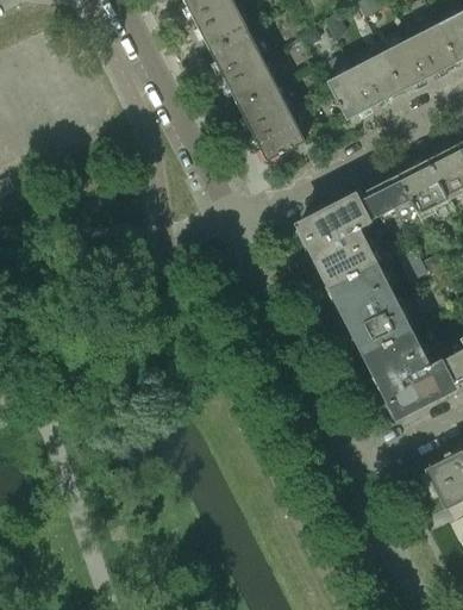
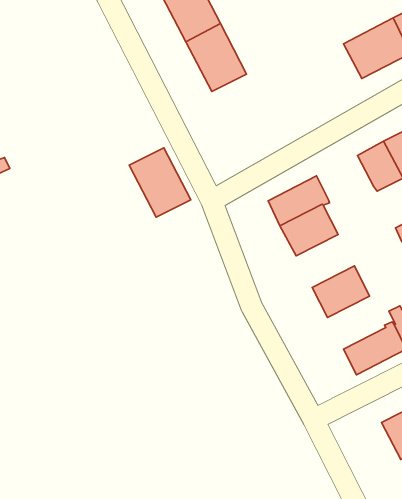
building: [326,51,402,118] -> none
building: [237,85,305,161] -> [129,148,191,217]
building: [352,174,415,223] -> none
building: [330,261,394,319] -> none
building: [364,329,428,387] -> none

